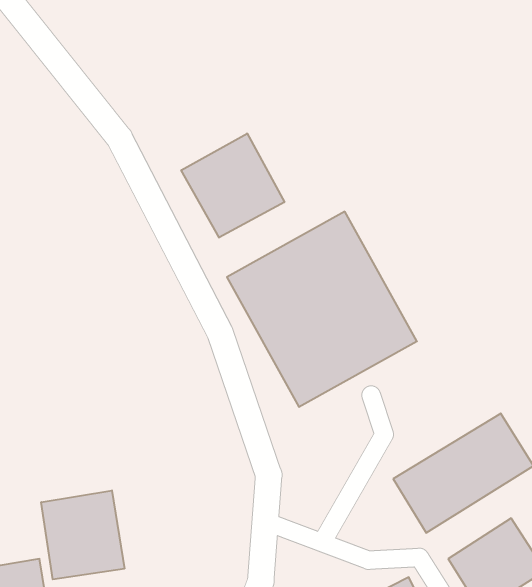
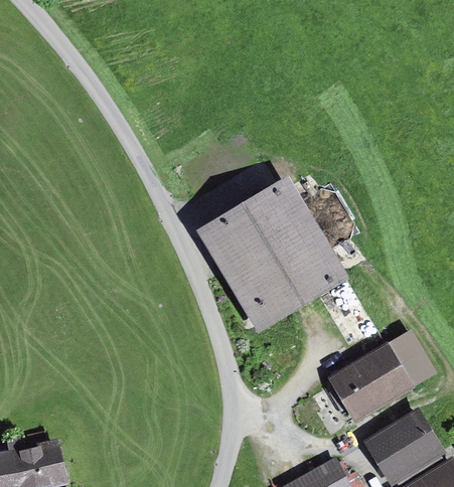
building: [181,133,284,238] -> none
building: [41,490,124,579] -> none

